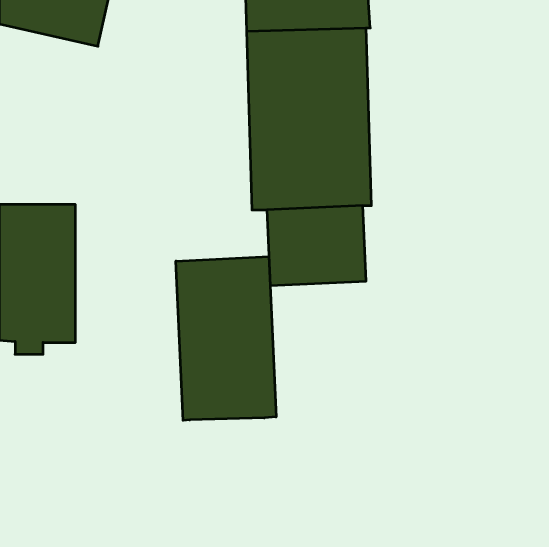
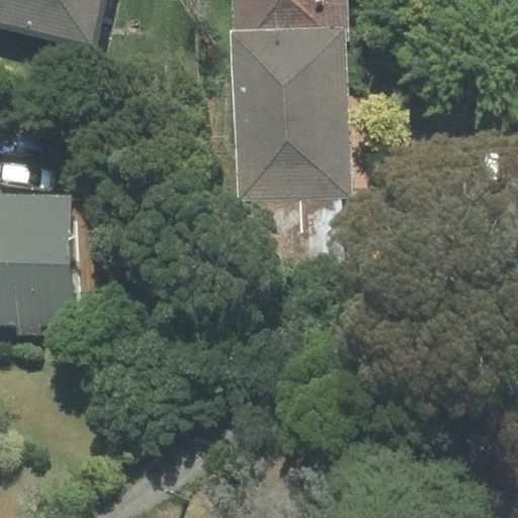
building: [176,257,276,420] -> none

